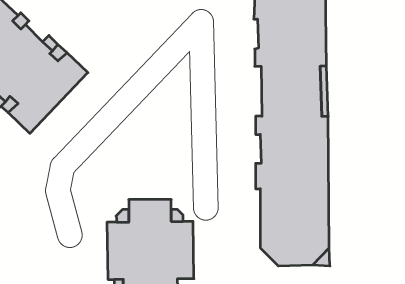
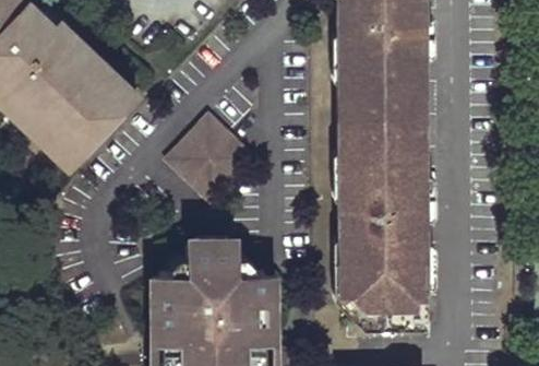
building: none -> [168,117,253,202]

